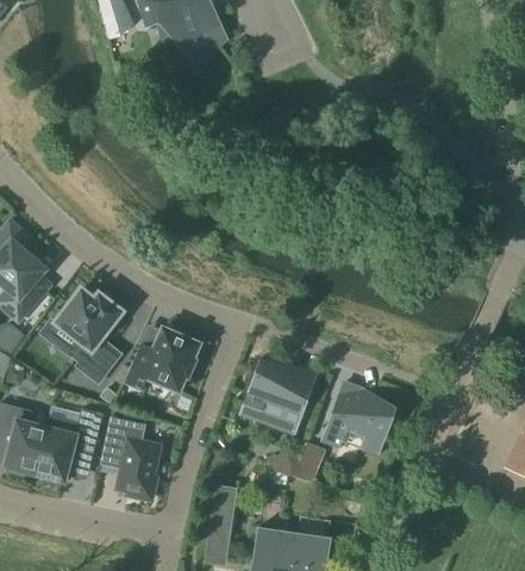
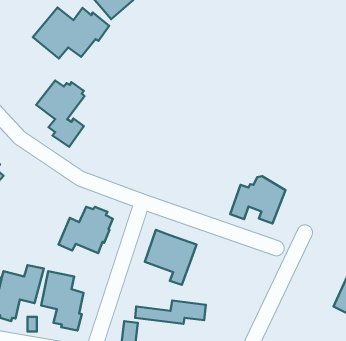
building: none -> [33,8,109,59]
building: [54,290,120,381] -> [36,81,85,147]
building: [320,389,396,454] -> [230,176,285,224]

